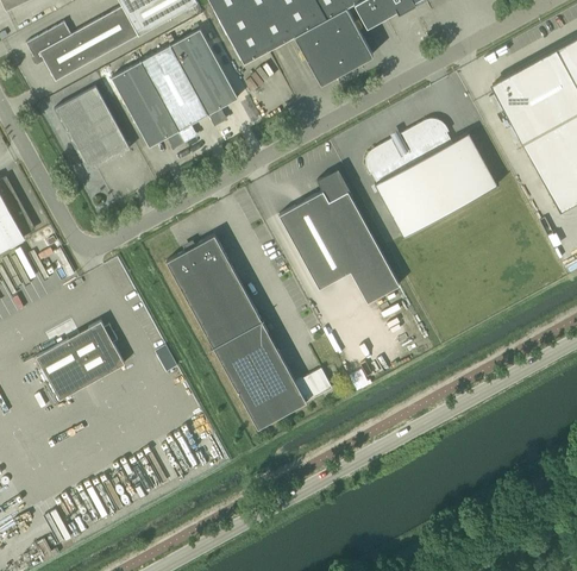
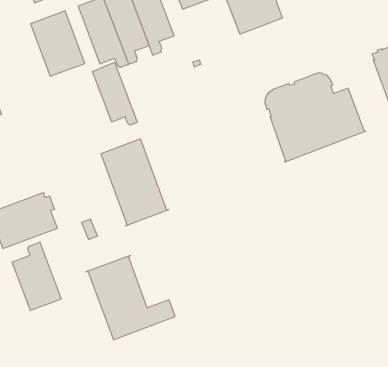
building: none -> [92,62,137,125]
building: [278,169,399,303] -> none
building: [211,320,332,429] -> [86,256,175,340]
building: none -> [12,242,61,311]

